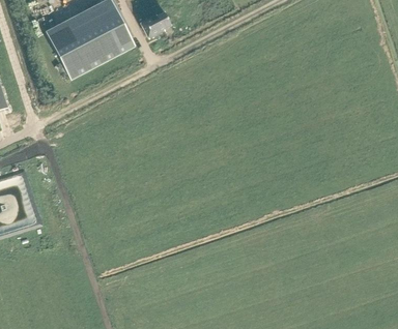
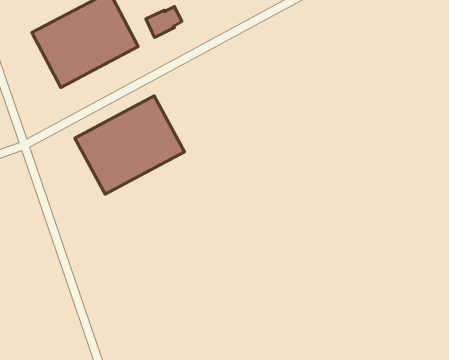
building: none -> [75,96,185,194]

